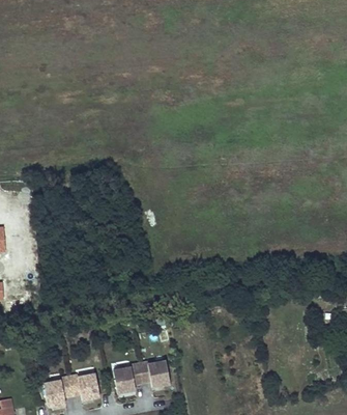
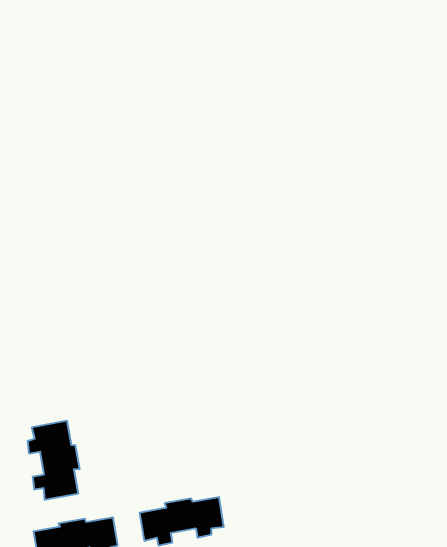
building: none -> [28,421,80,500]

